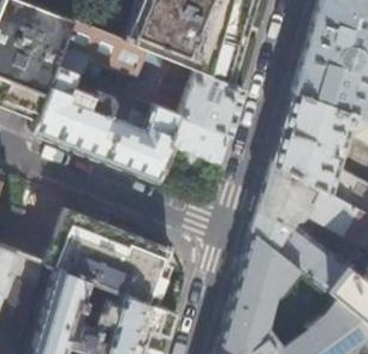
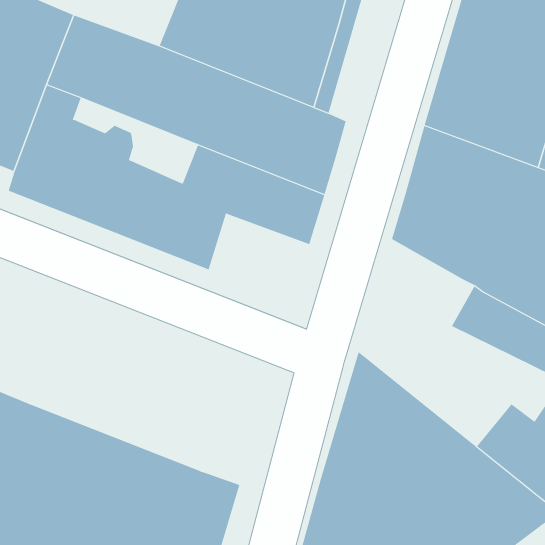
building: [250,162,345,290] -> none
building: [46,211,170,306] -> none

